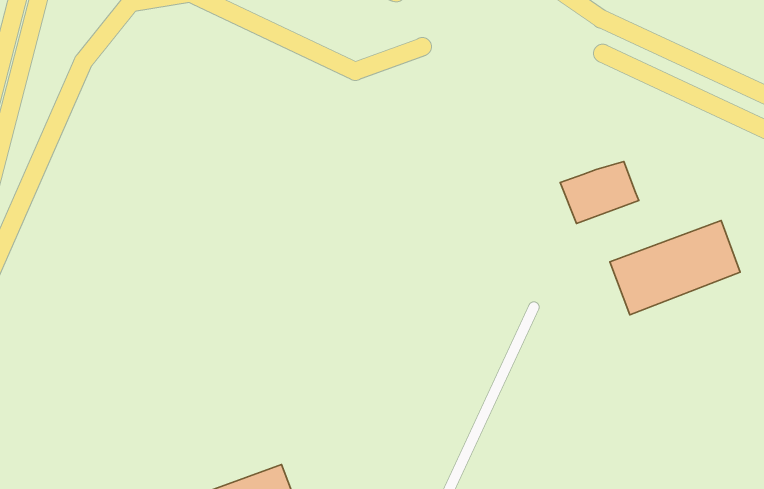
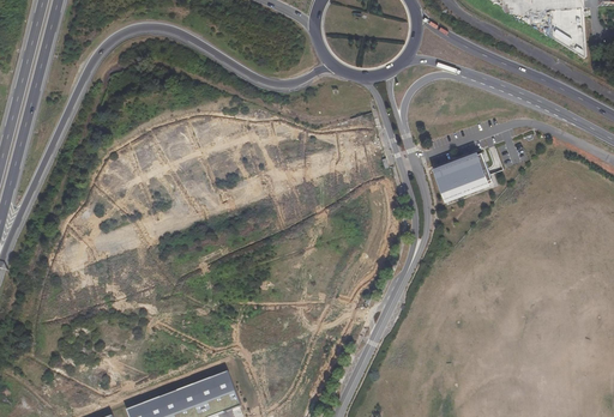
building: [610,221,740,315] -> none

